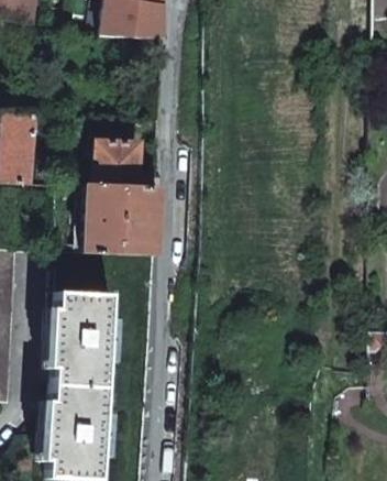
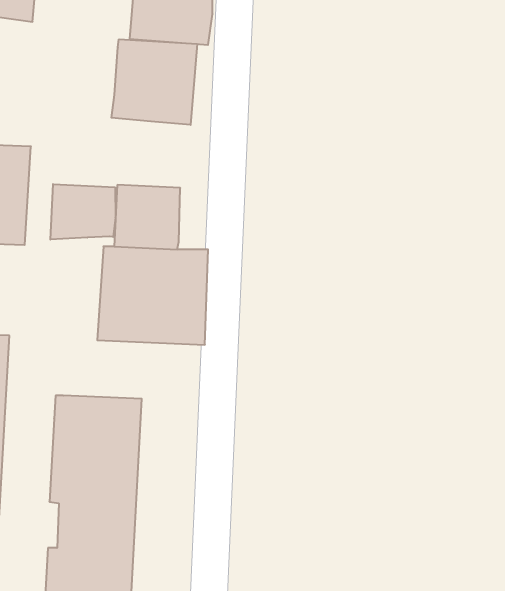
building: none -> [111,39,197,125]
building: none -> [50,184,115,240]

